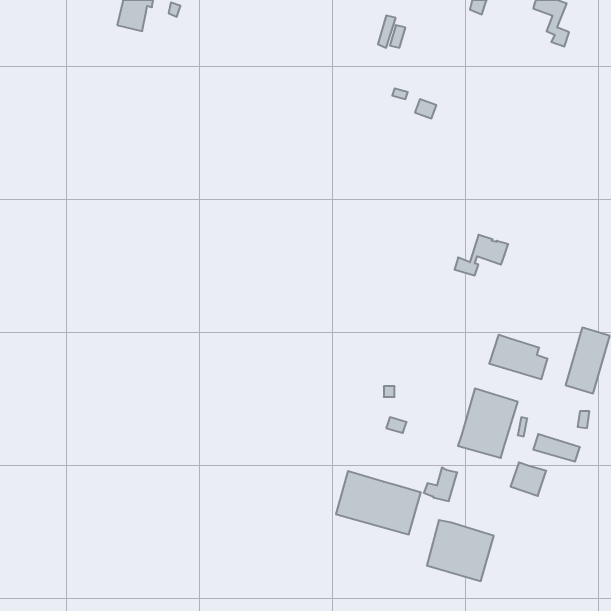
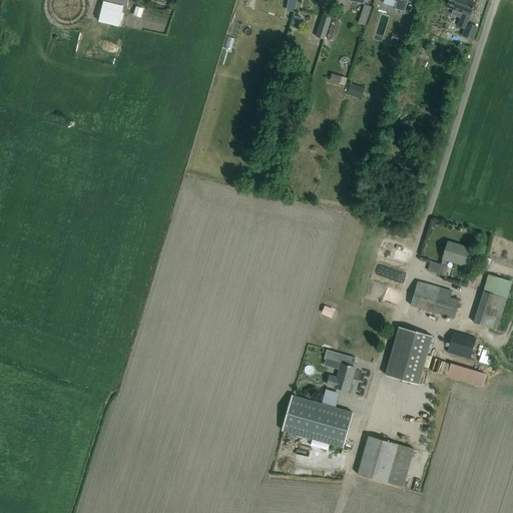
building: [454,235,508,275] -> [428,241,473,276]
building: [510,462,546,496] -> [446,332,476,360]
building: [424,468,457,501] -> [327,363,355,391]

